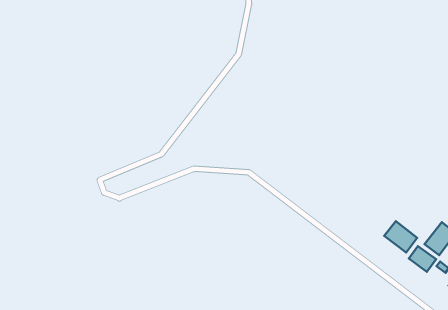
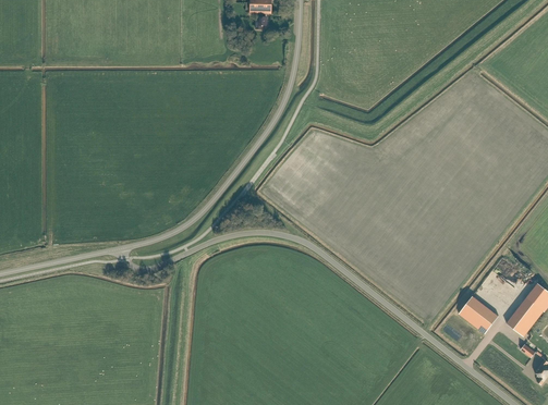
building: [409,246,436,272] -> none

